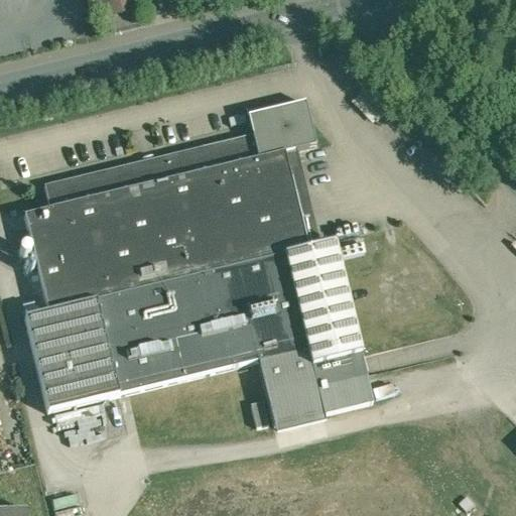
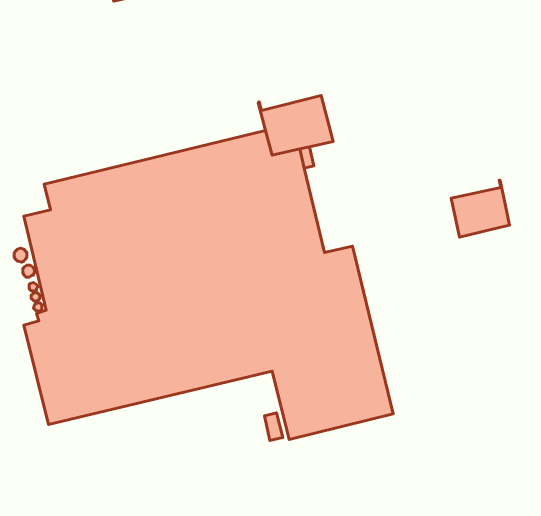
building: none -> [451,180,509,237]

